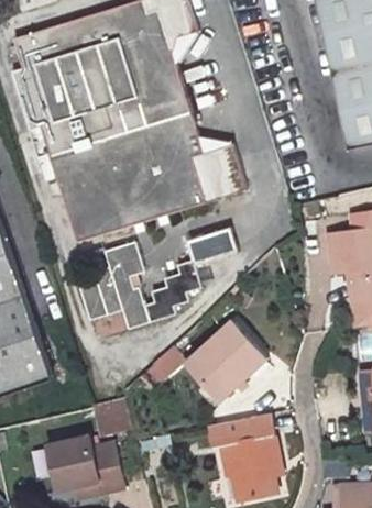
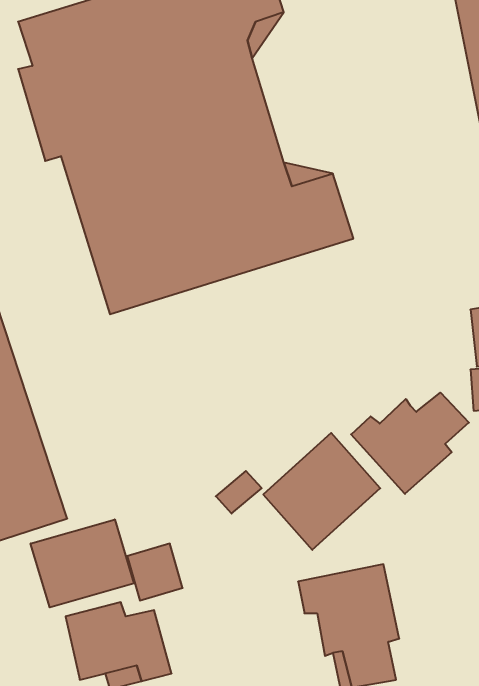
building: [78,224,242,328] -> none
building: none -> [351,393,469,494]
building: none -> [31,519,134,607]

